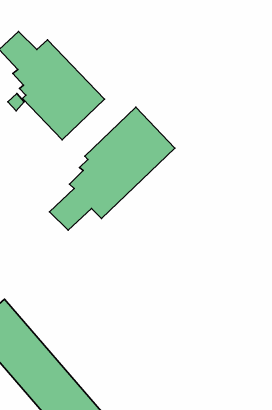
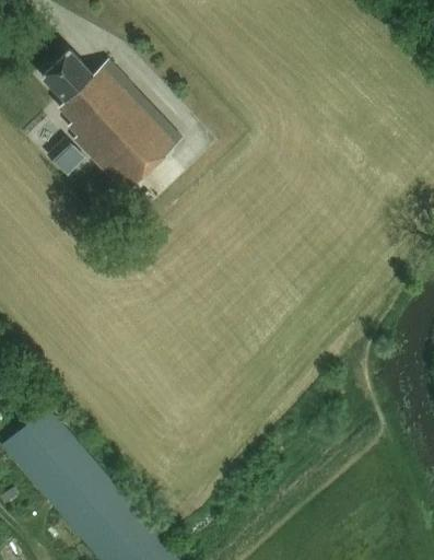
building: [50,107,175,230] -> none

